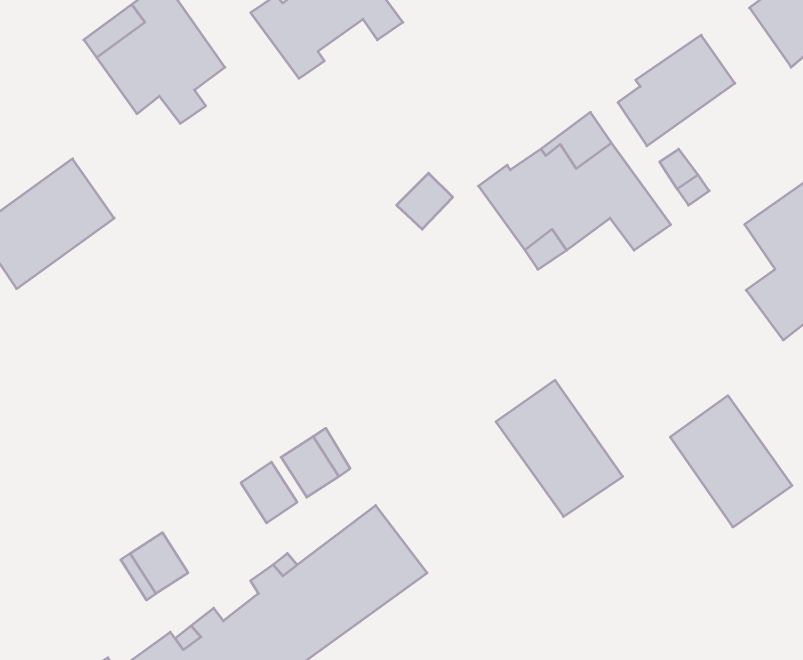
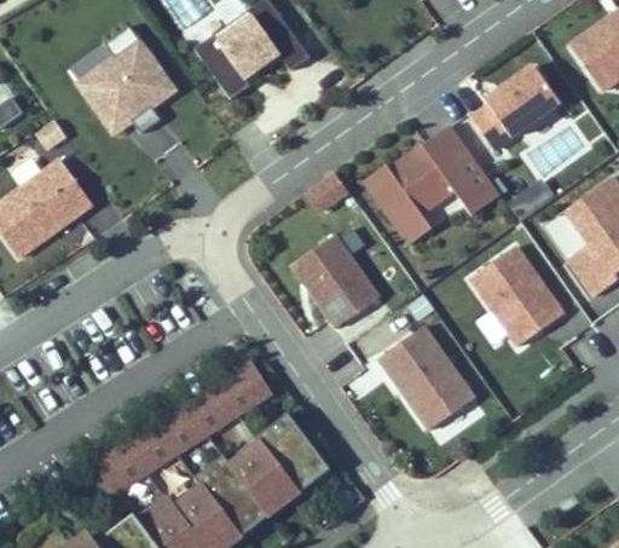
building: none -> [293,235,378,327]
building: [670,396,792,527] -> [472,246,563,345]
building: none -> [135,408,199,466]

